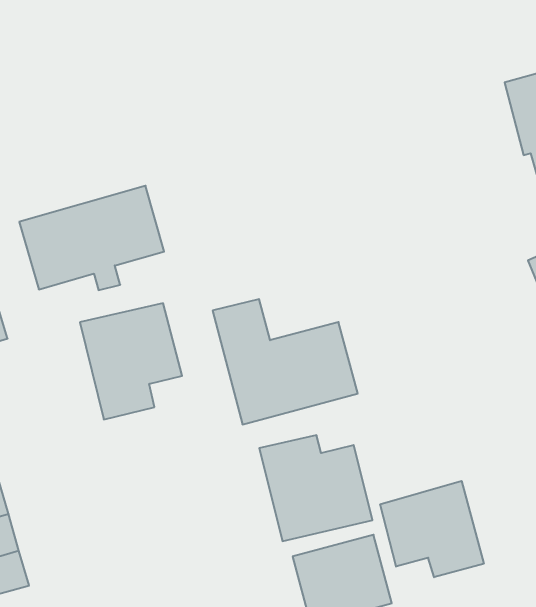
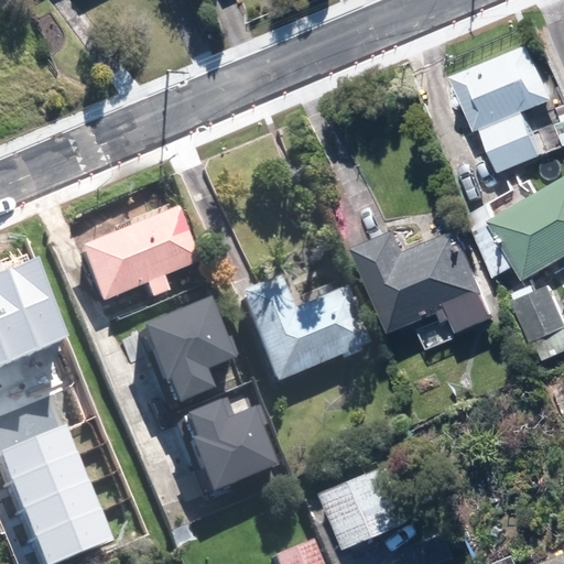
building: none -> [361,227,500,354]
building: [259,435,372,541] -> [161,390,262,481]
building: [380,481,484,577] -> none

